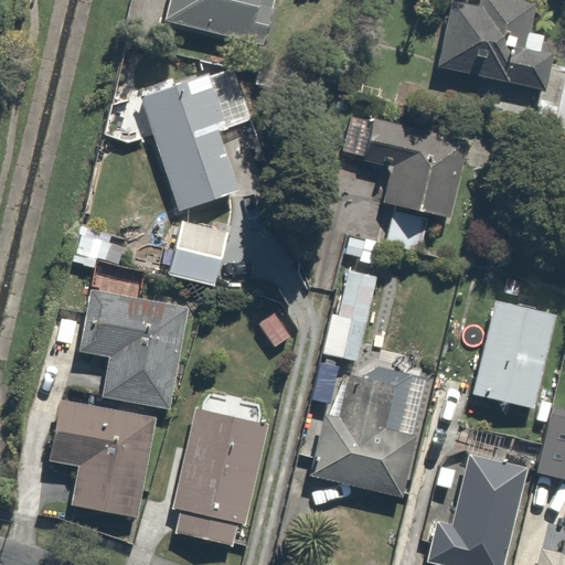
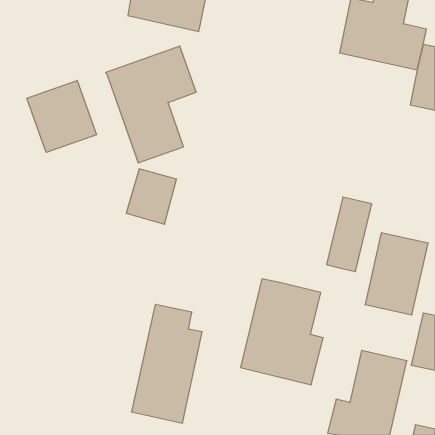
building: none -> [27,80,96,152]
building: [342,115,468,249] -> none
building: [322,269,381,365] -> [327,197,372,271]
building: [79,288,189,412] -> none
building: [45,398,160,520] -> none

